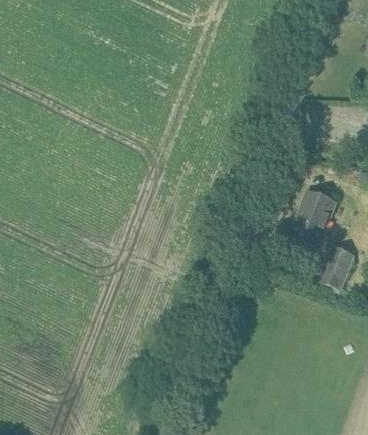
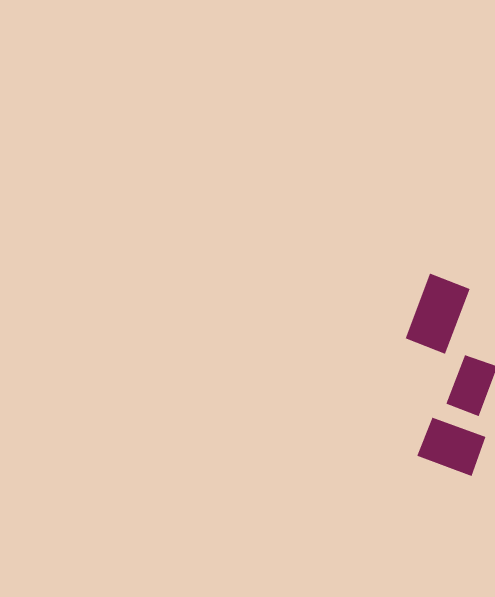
building: none -> [417,417,486,477]

